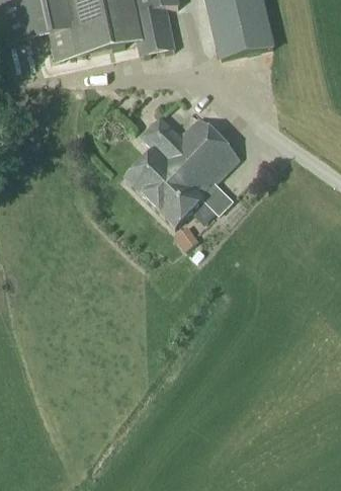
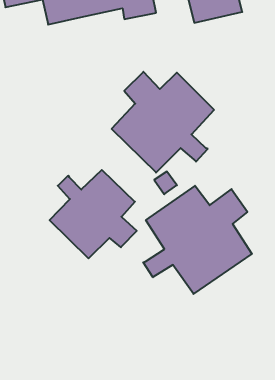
building: none -> [50,170,137,258]
building: none -> [143,186,252,294]

